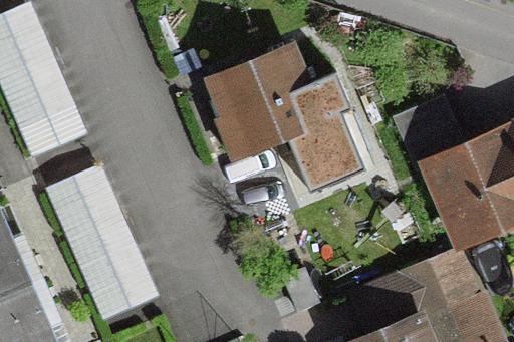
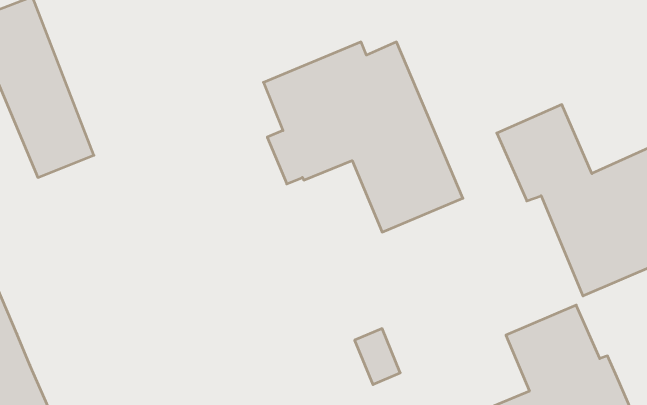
building: [57,173,154,315] -> none

